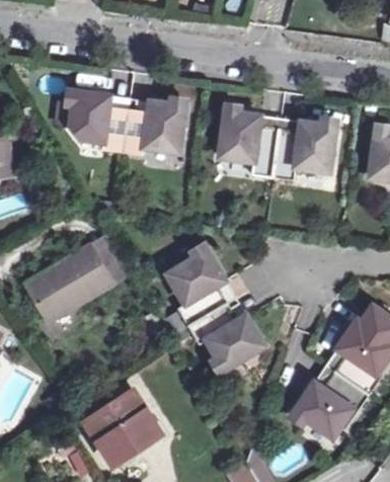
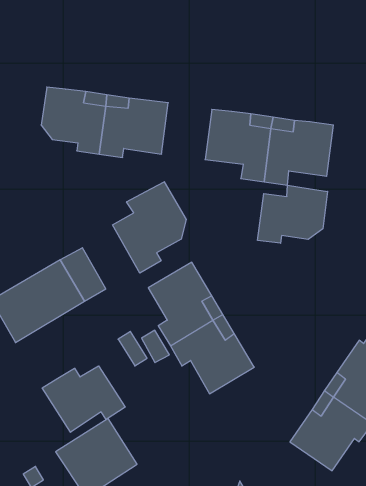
building: none -> [113,182,186,273]
building: none -> [258,185,328,243]
building: none -> [42,366,125,432]

